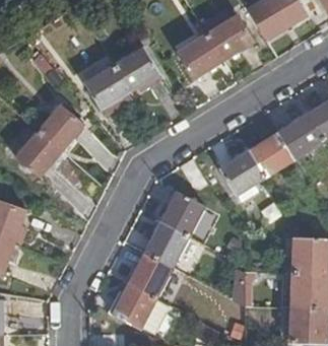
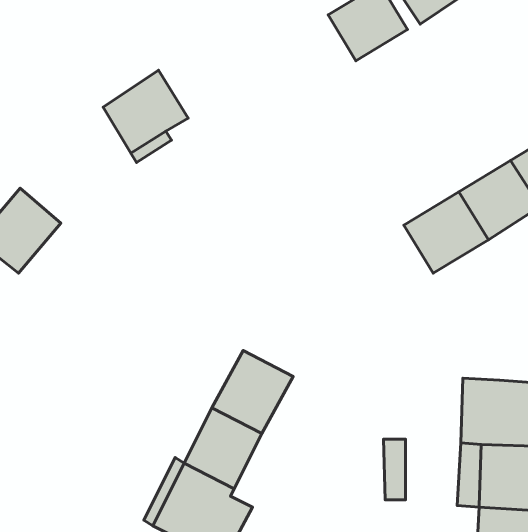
building: [178,34,224,79] -> none
building: [116,48,160,91] -> none
building: [40,105,84,149] -> none
building: [219,150,267,201] -> none
building: [162,193,204,233] -> none

